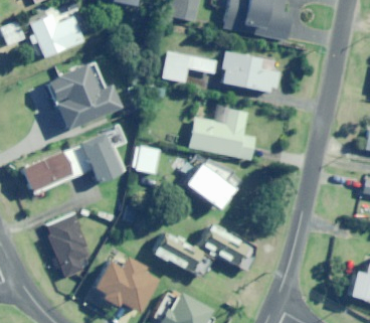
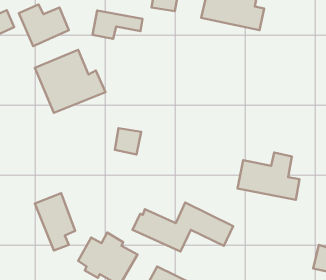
building: [162,50,215,80] -> [93,10,142,39]
building: [218,51,281,92] -> none
building: [188,109,254,159] -> [237,153,299,200]
building: [21,127,125,191] -> none
building: [183,162,232,208] -> none

